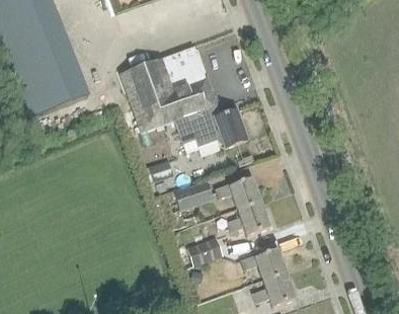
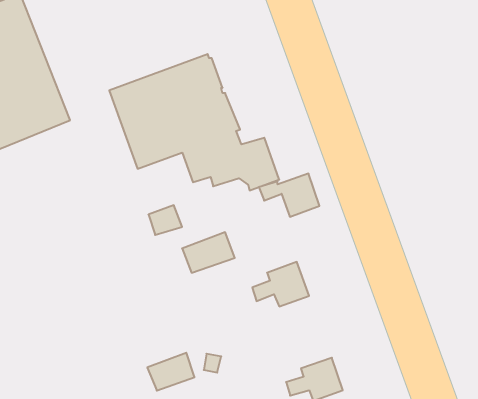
building: [215,177,260,210] -> [259,174,319,217]
building: [187,237,223,265] -> [147,353,195,391]
building: [240,248,287,282] -> none

